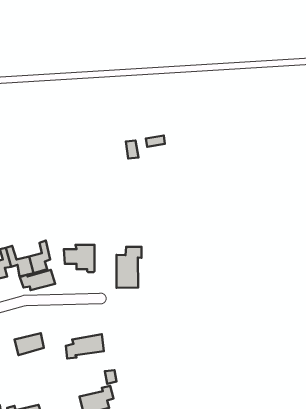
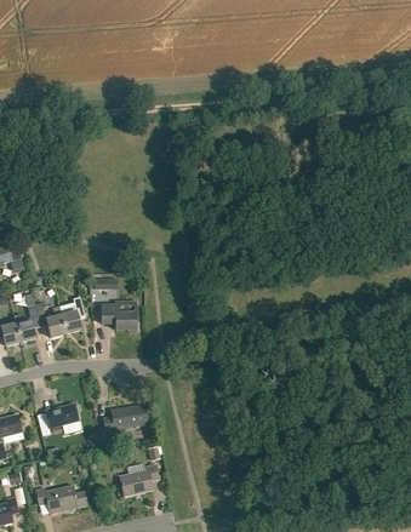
building: [116,247,142,288] -> none
building: [20,270,55,290] -> none

